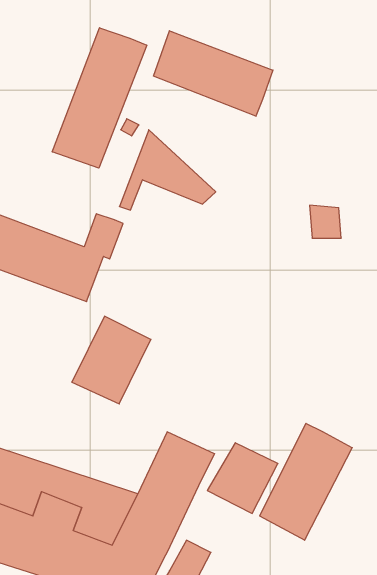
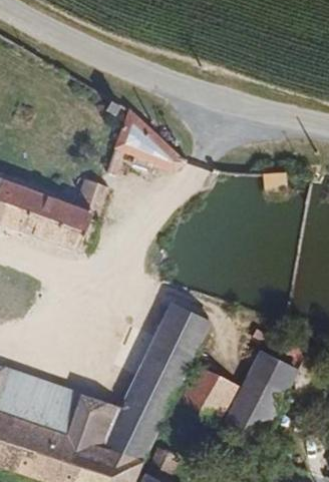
building: [52,28,147,168] -> none
building: [153,31,273,116] -> none
building: [72,316,151,404] -> [144,303,210,375]

